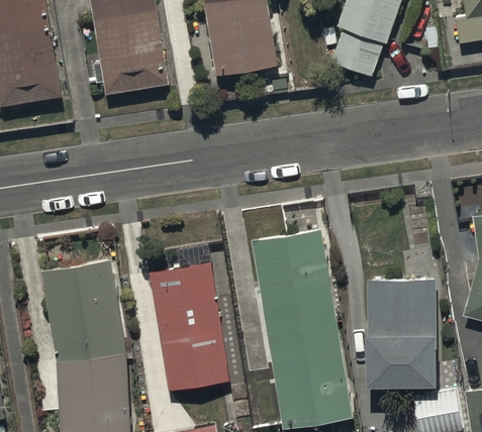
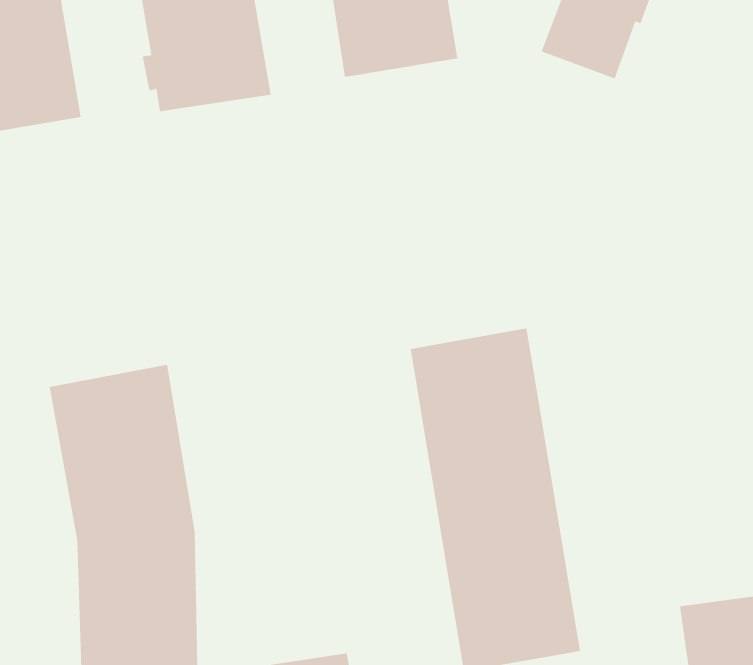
building: [149,241,227,385] -> none
building: [369,285,439,383] -> none

